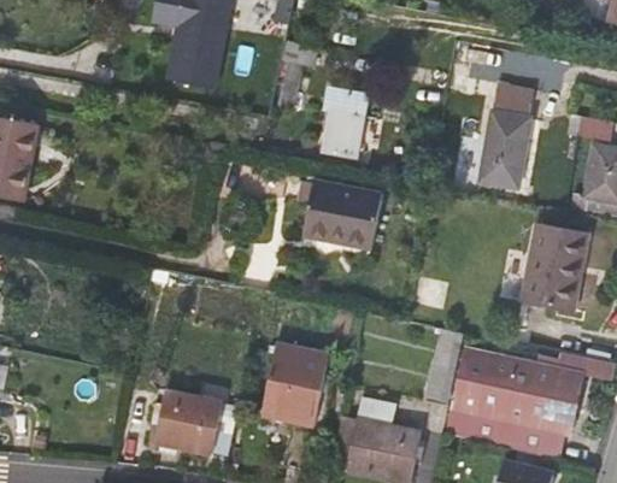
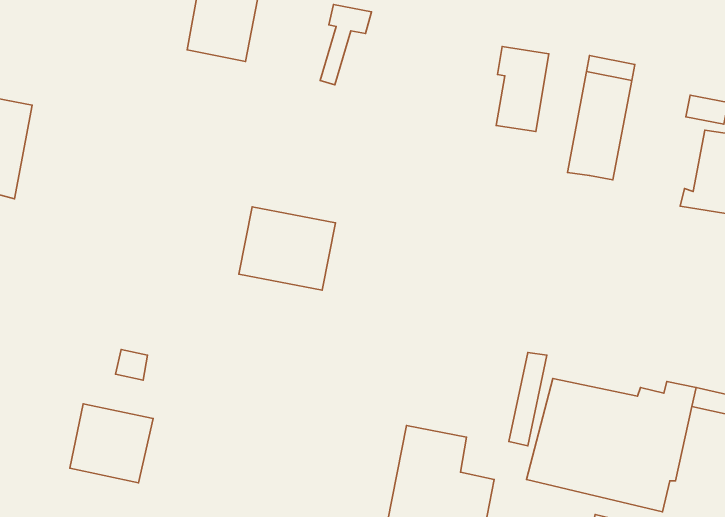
building: [324,87,368,157] -> [496,47,549,131]
building: [302,179,382,248] -> [239,207,335,290]
building: [522,224,588,311] -> none
building: [262,342,328,424] -> none
building: [154,389,223,454] -> [70,404,153,483]

